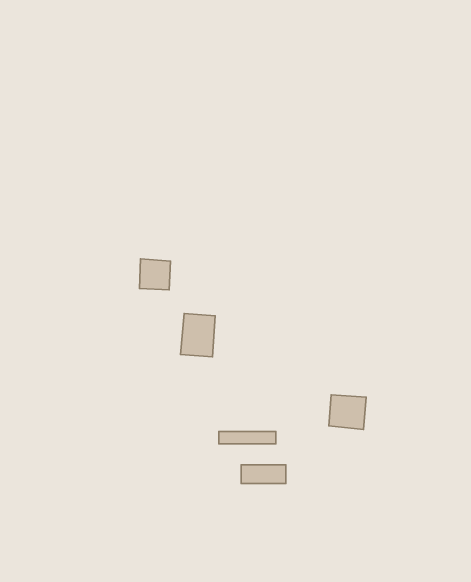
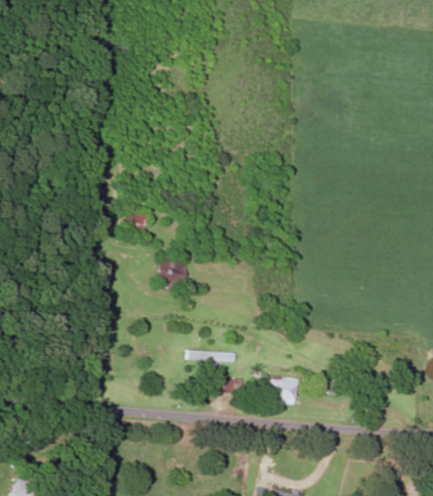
building: [329,395,366,430] -> [269,377,299,405]

